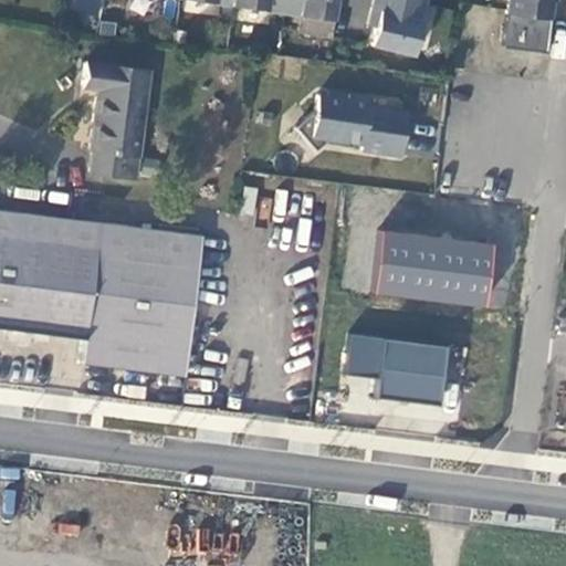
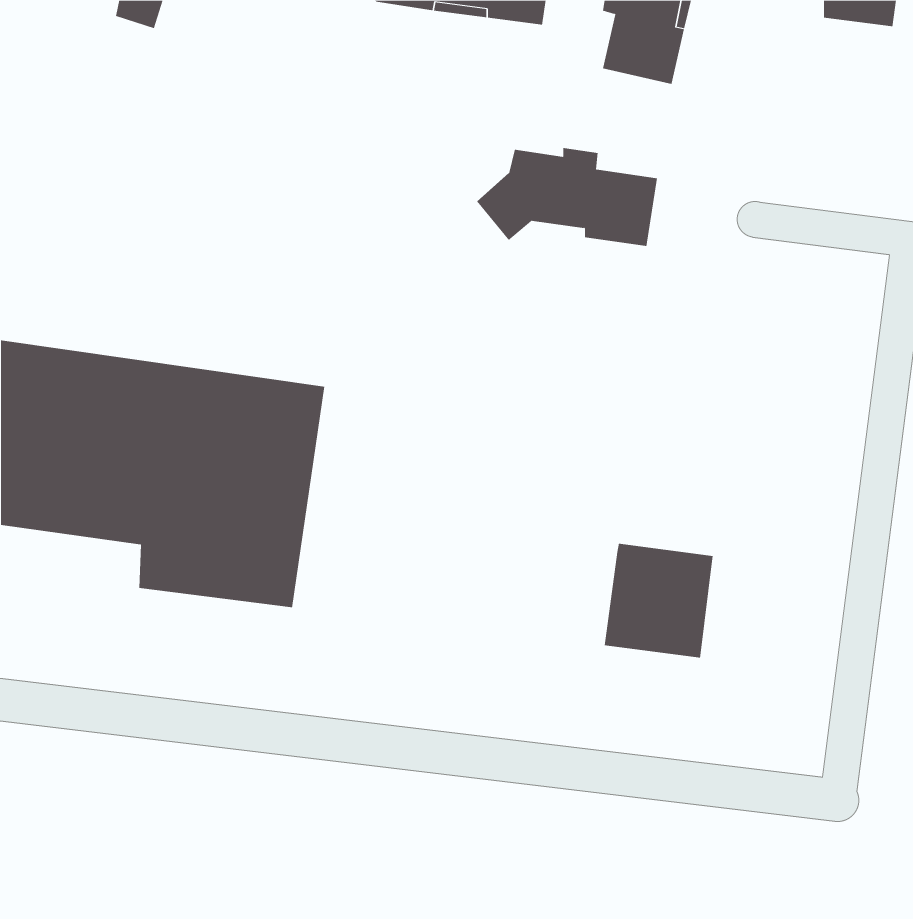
building: [505,11,553,51] -> none
building: [87,56,156,177] -> none
building: [375,231,499,306] -> none
building: [346,336,382,380] -> none

